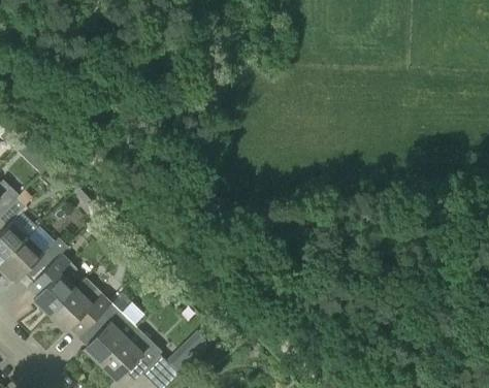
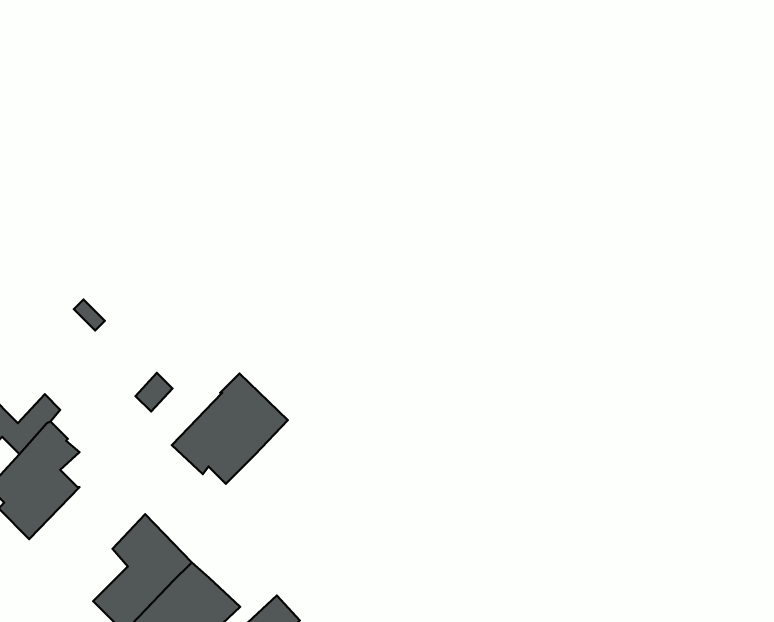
building: [50,278,111,336] -> [172,374,288,484]

